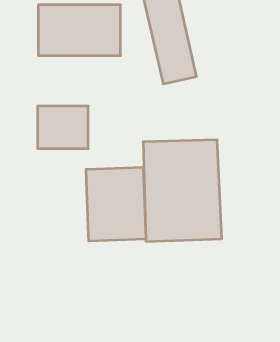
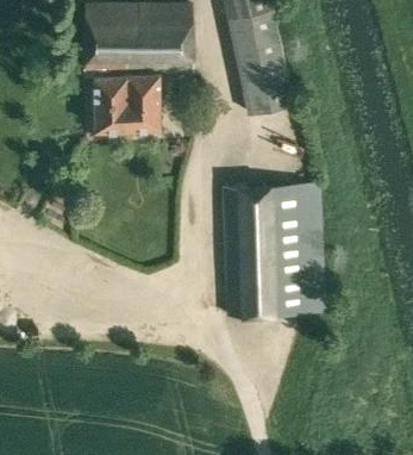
building: [38,106,88,149] -> [94,75,161,131]
building: [86,167,146,241] -> none

